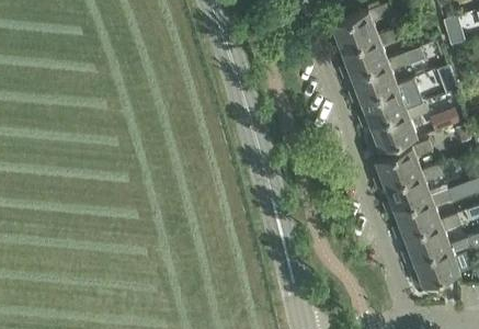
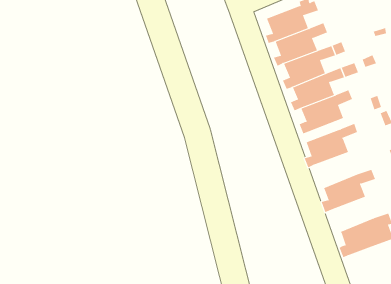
building: [384,168,443,216] -> none
building: [402,217,461,264] -> none

